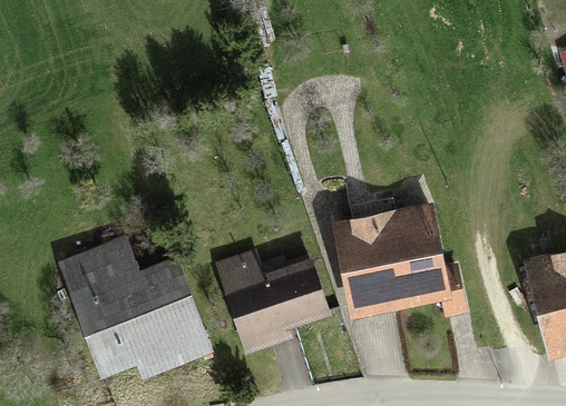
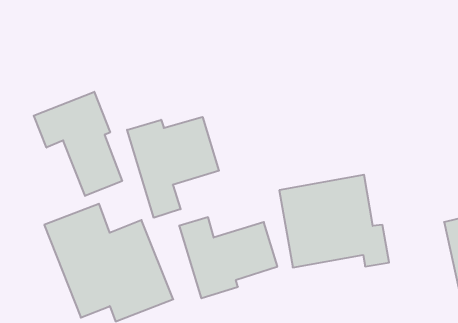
building: none -> [34,92,122,196]
building: none -> [127,117,219,218]

